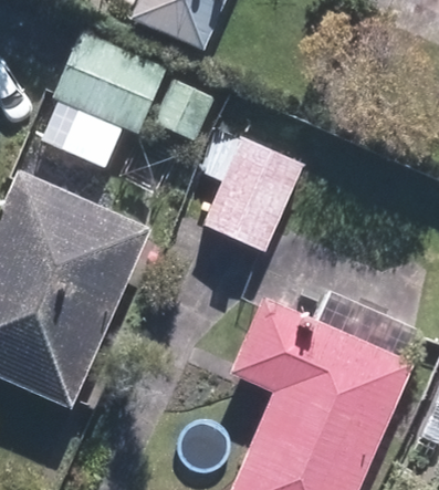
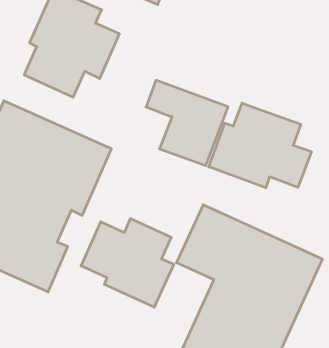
building: none -> [209,103,311,188]
building: none -> [81,219,174,307]

